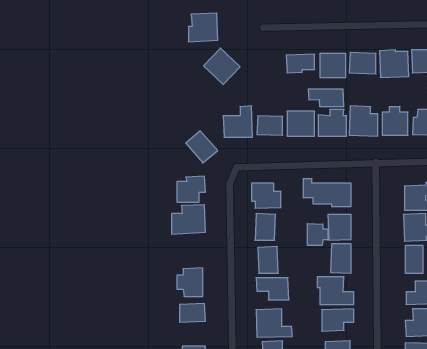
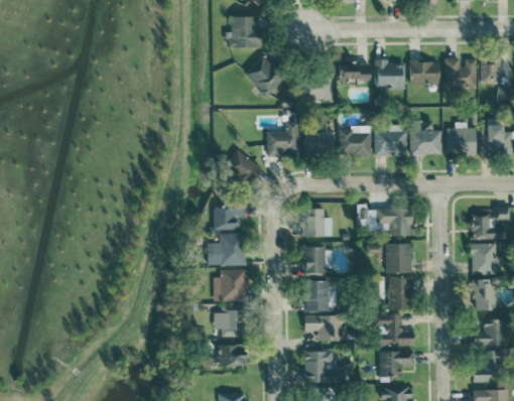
building: none -> [300,75,333,101]
building: [309,89,344,107] -> none
building: [307,223,328,245] -> none
building: none -> [214,269,247,301]

